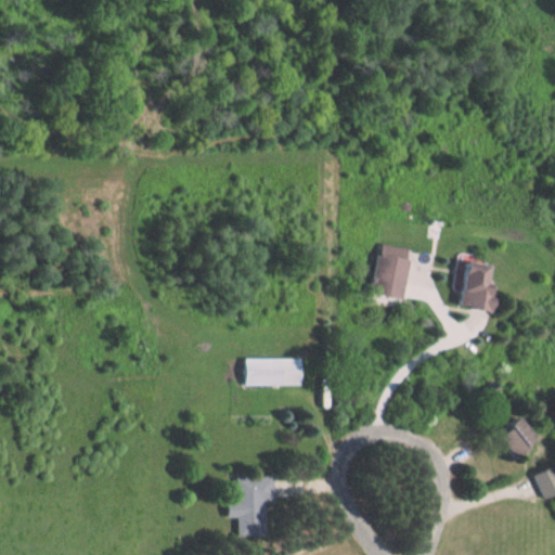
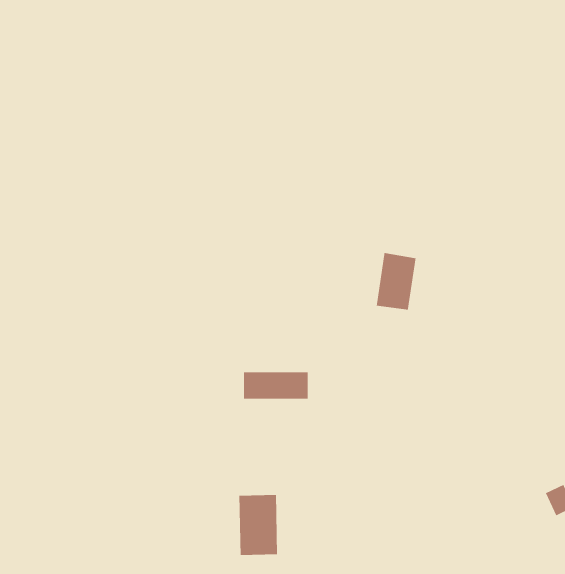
building: [459,262,494,309] -> none
building: [495,415,533,454] -> none

